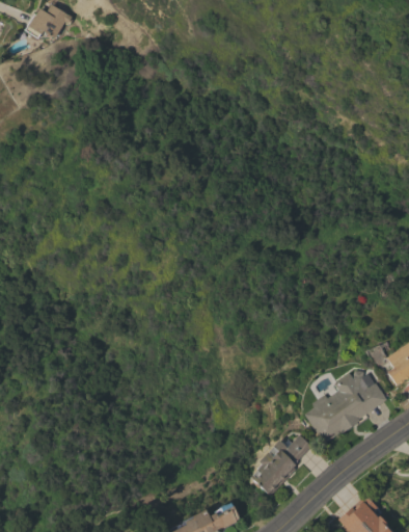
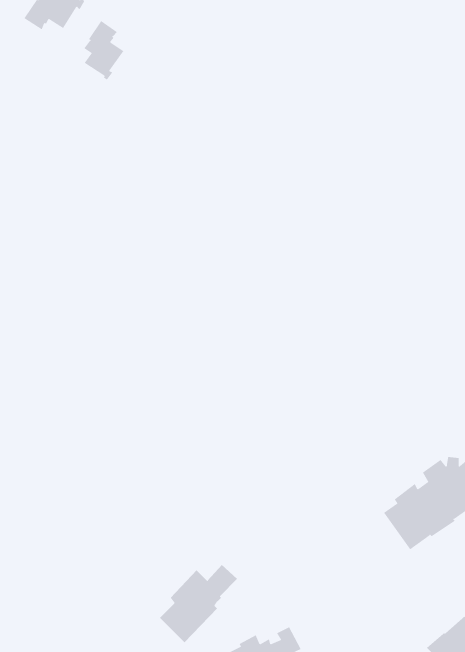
building: none -> [84,20,124,80]
building: [250,435,311,497] -> [159,564,238,643]

